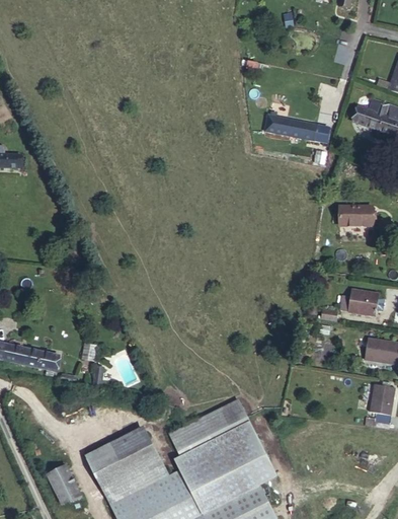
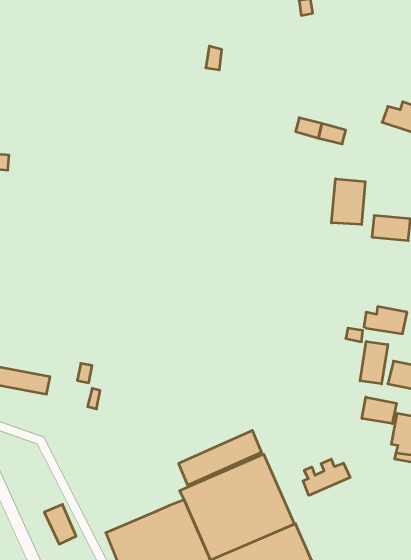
building: none -> [331,179,365,225]
building: none -> [360,341,388,384]
building: none -> [362,397,396,424]
building: none -> [303,459,350,495]
building: [89,428,164,491] -> none

